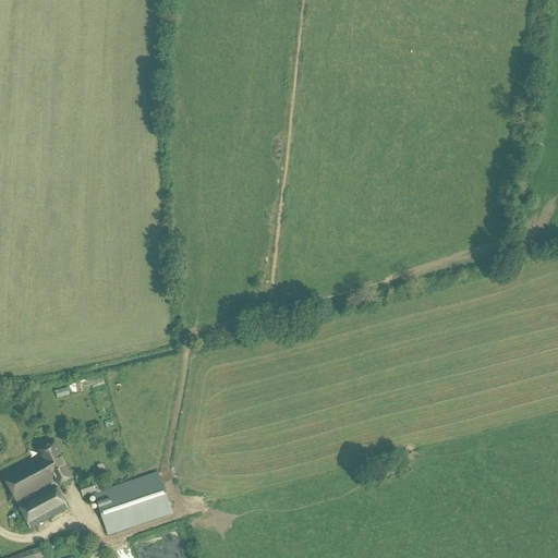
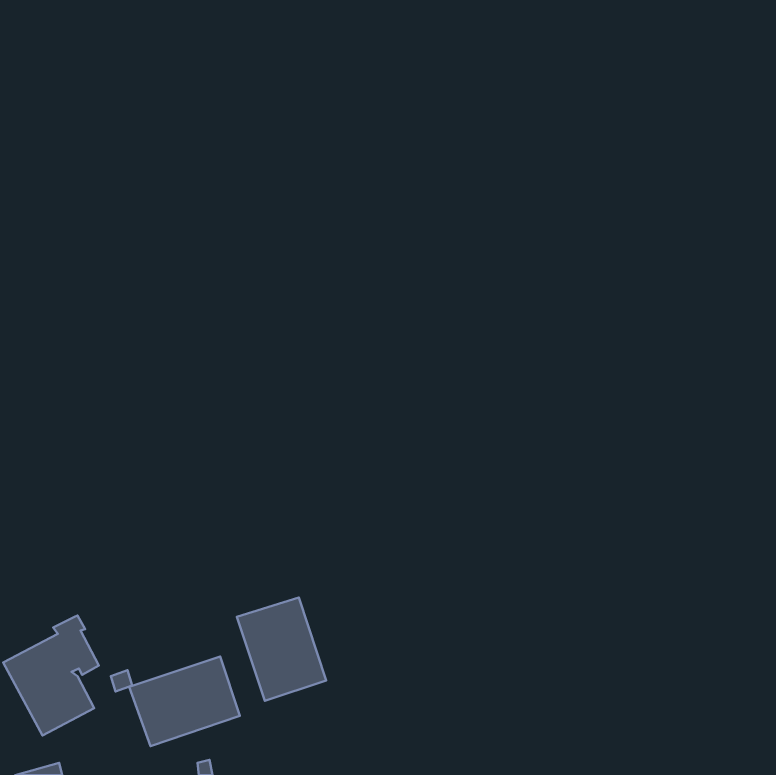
building: none -> [237,598,326,701]

